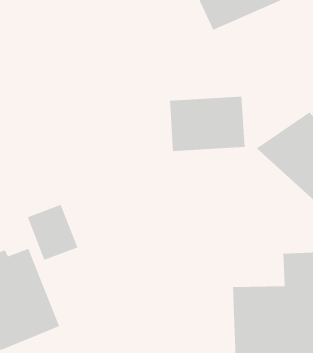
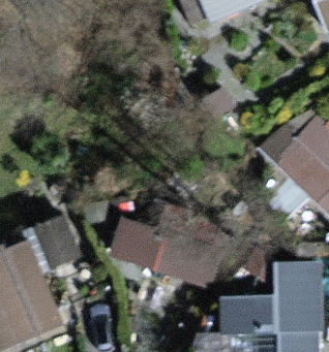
building: [169,96,245,152] -> [117,206,190,260]

